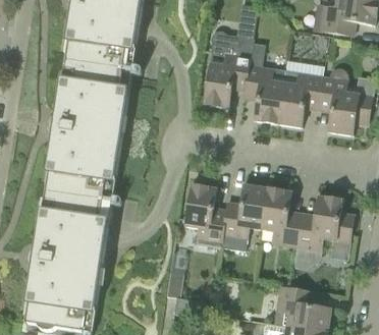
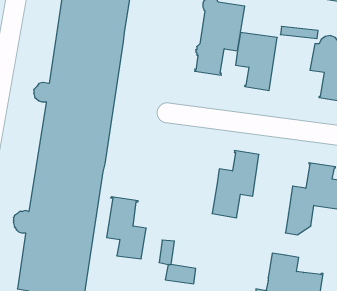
building: [277,70,323,127] -> none
building: [185,184,225,246] -> [107,197,146,259]
building: [261,187,301,246] -> none

